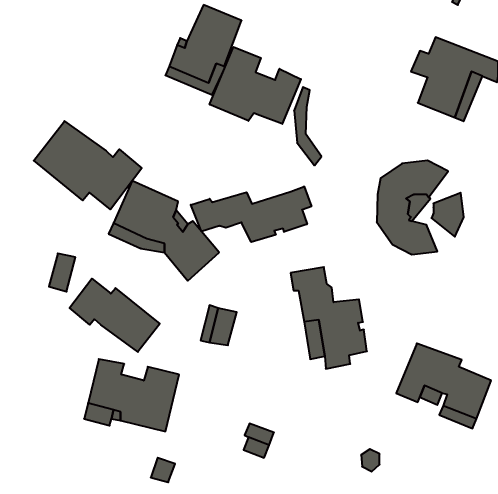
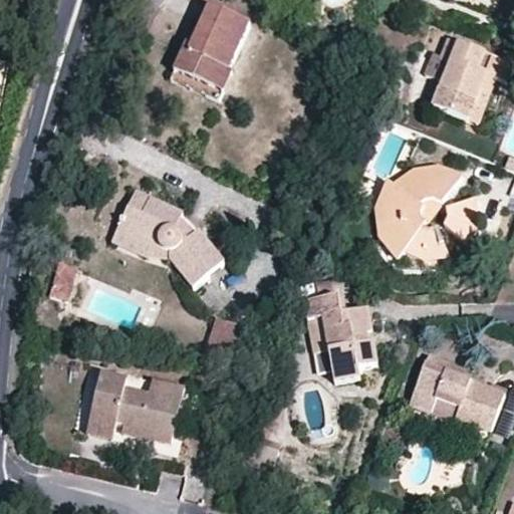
building: [210,47,301,124] -> none
building: [294,87,321,165] -> [374,180,403,260]
building: [34,121,142,209] -> none
building: [191,186,311,242] -> none
building: [70,279,160,352] -> none

